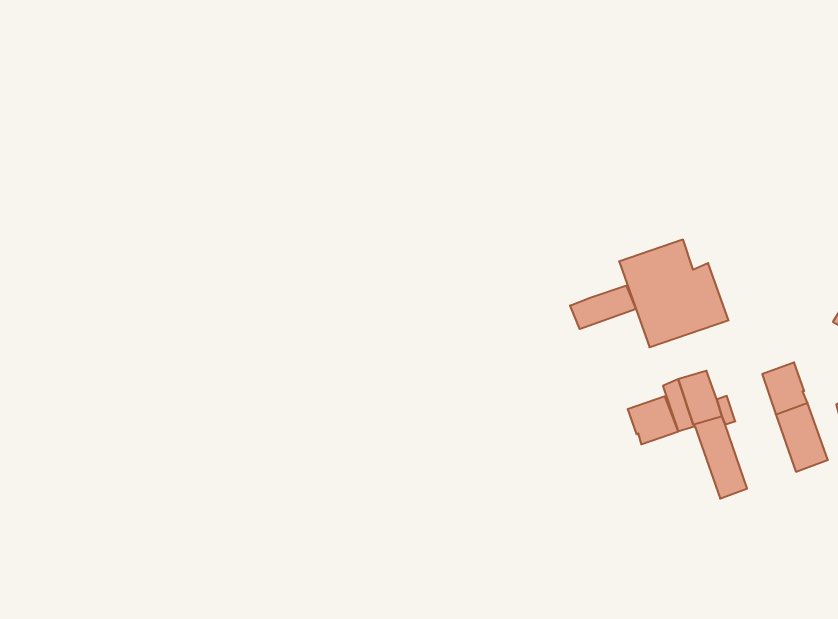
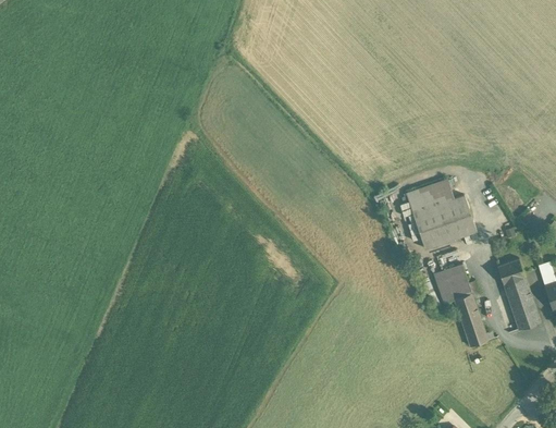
building: [570,286,636,329] -> none
building: [628,396,678,444] -> none

